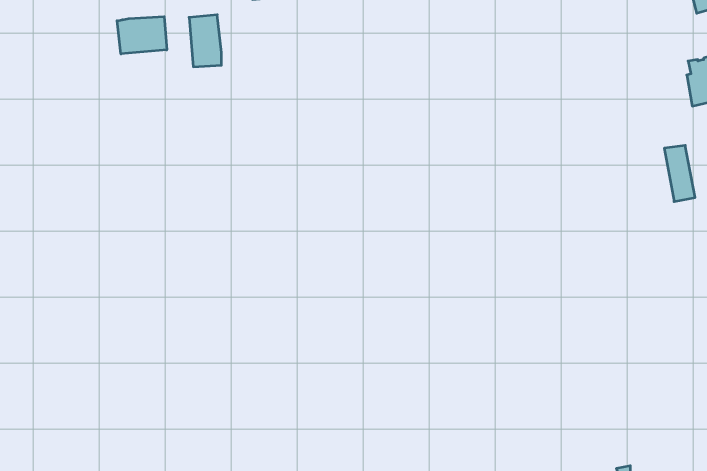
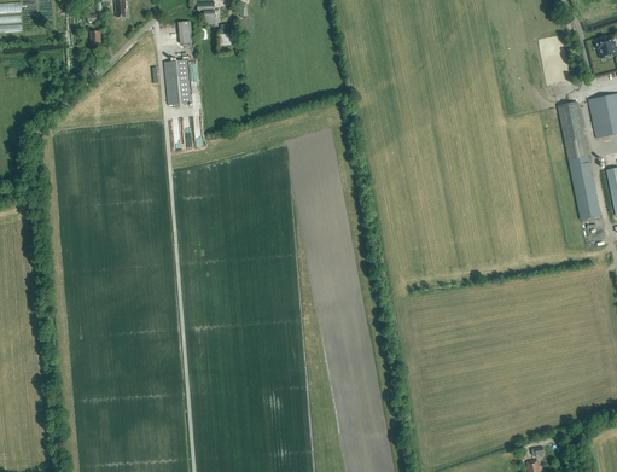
building: [117,17,167,54] -> none
building: none -> [559,103,588,163]

